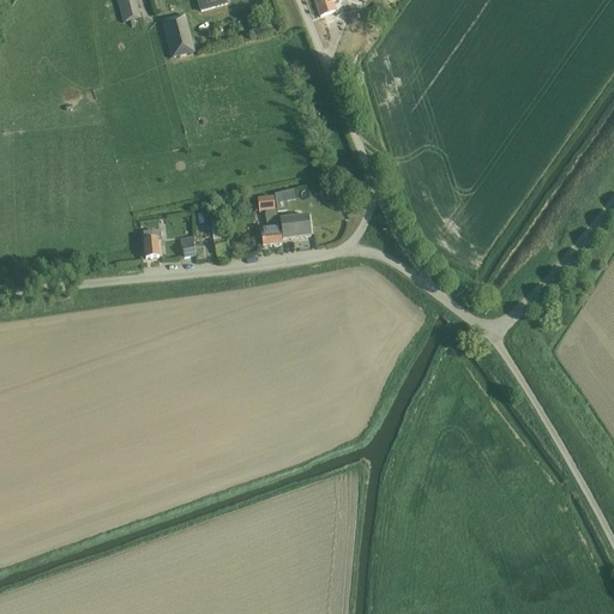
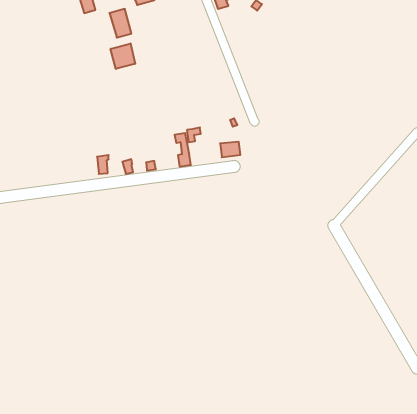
building: none -> [111,43,135,69]
building: [281,213,311,236] -> [220,142,240,157]

